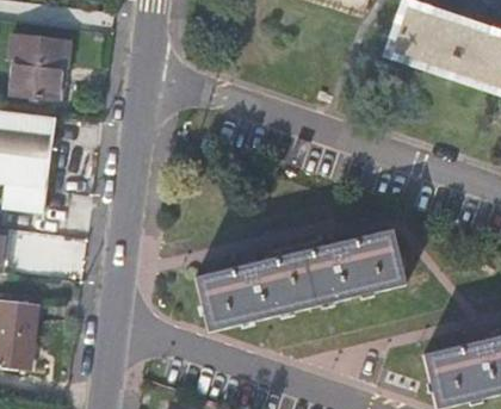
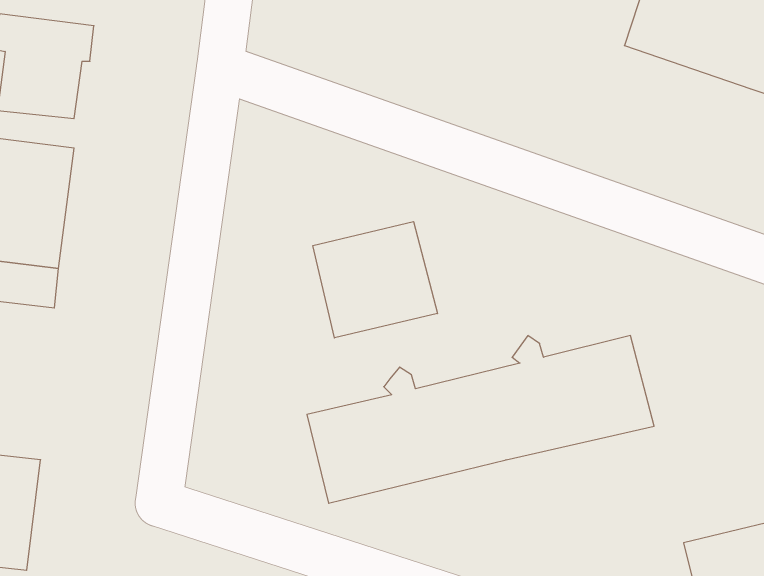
building: none -> [313,222,437,338]

